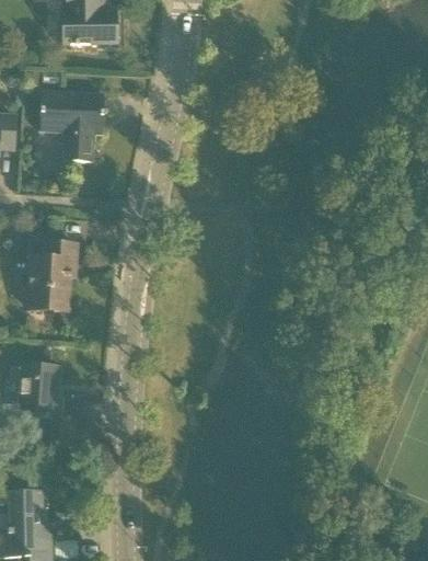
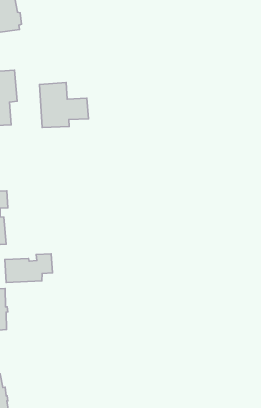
building: none -> [39,83,88,127]
building: none -> [5,254,53,283]

